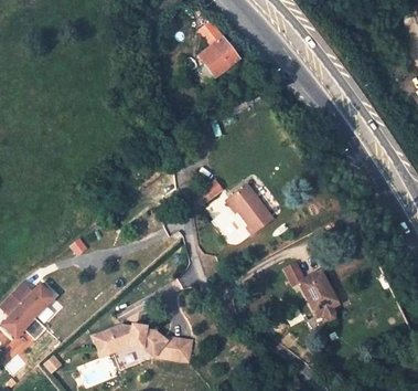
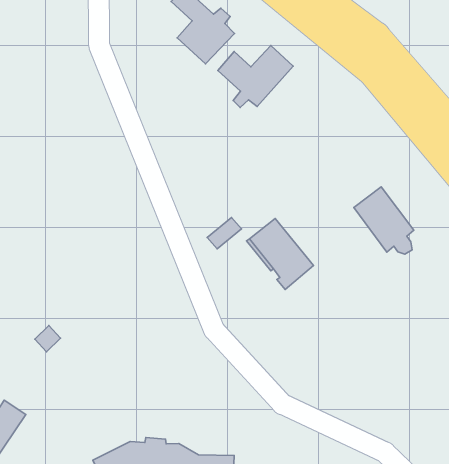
building: none -> [218,46,293,108]
building: [299,268,337,317] -> [354,187,414,254]

